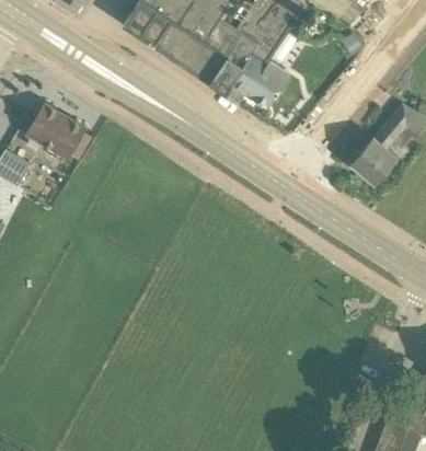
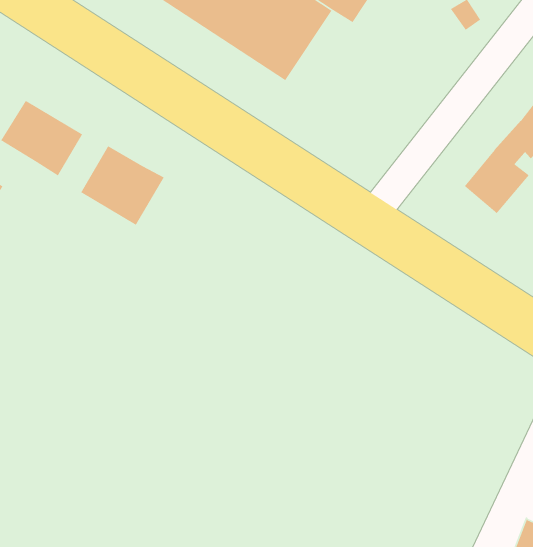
building: [226,42,288,107] -> none
building: none -> [80,145,165,226]

